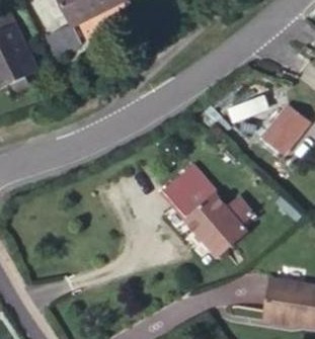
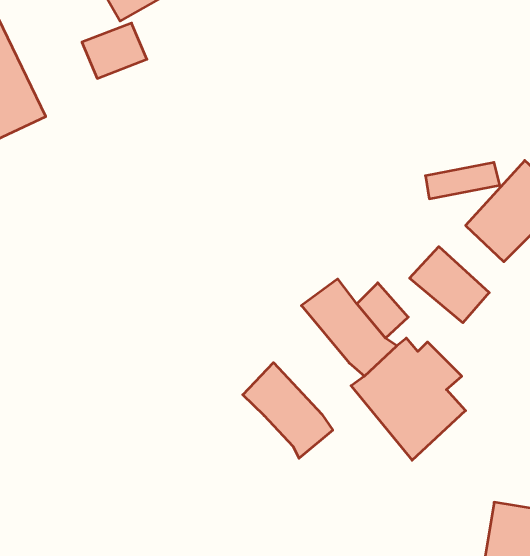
building: none -> [410,247,489,323]
building: none -> [243,363,333,458]

